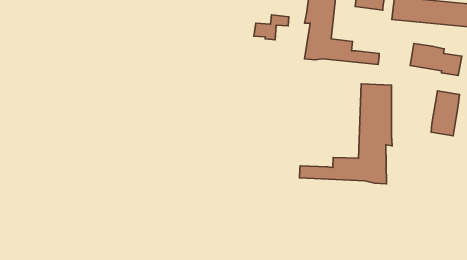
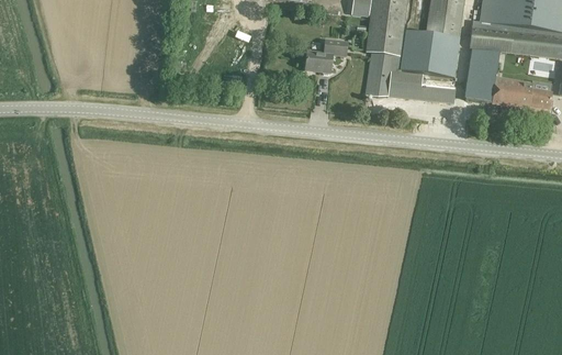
building: none -> [400,29,460,77]
building: [299,84,392,184] -> none
building: [431,91,460,136] -> [465,48,499,102]

